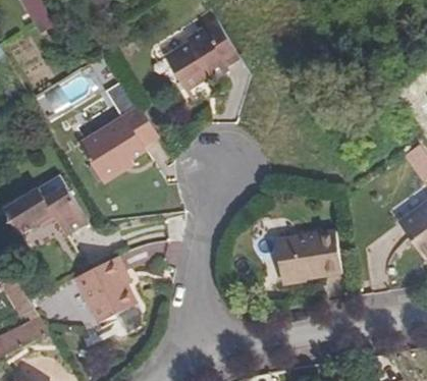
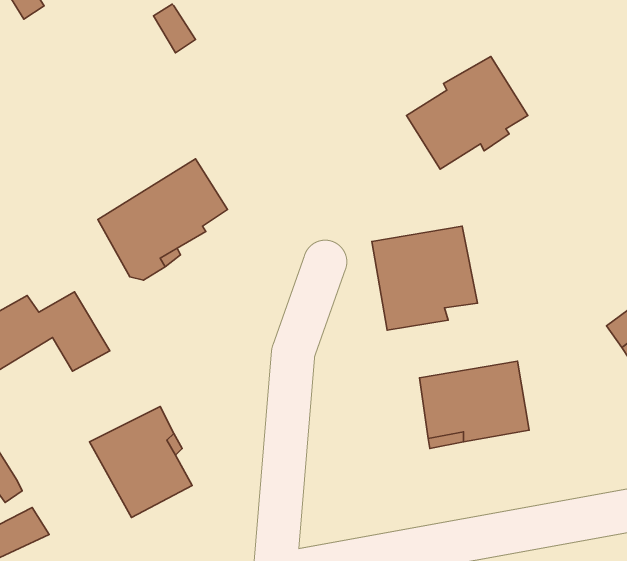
building: [165,22,238,91] -> [407,56,528,169]
building: none -> [372,226,477,330]

